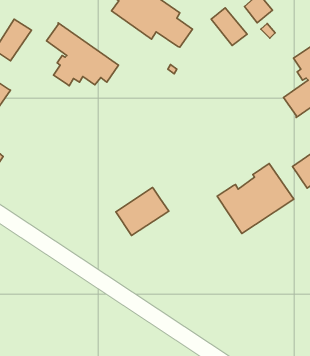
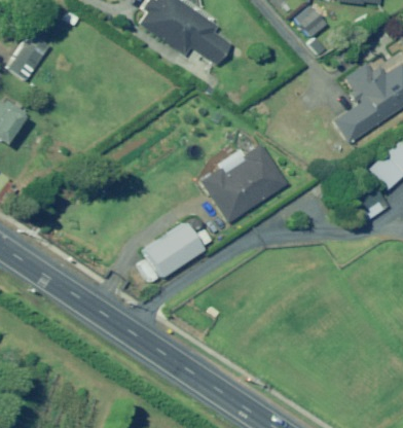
building: [211,8,247,46] -> none
building: [47,23,118,86] -> none
building: [217,164,294,234] -> [202,143,288,222]

